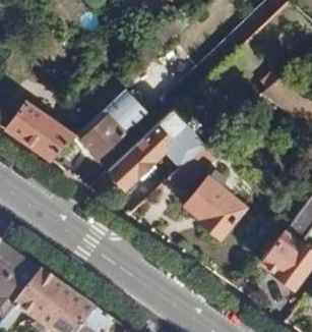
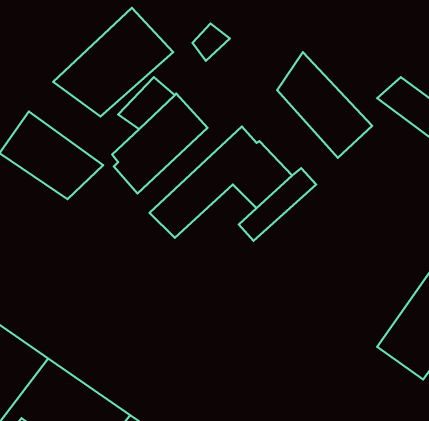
building: none -> [53,8,173,117]
building: none -> [277,52,372,158]
building: [186,166,248,236] -> none

